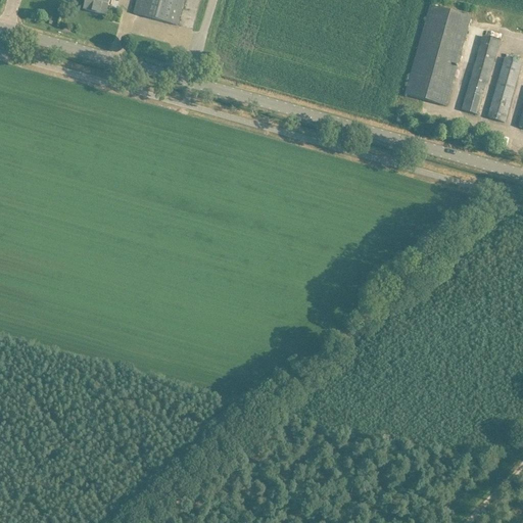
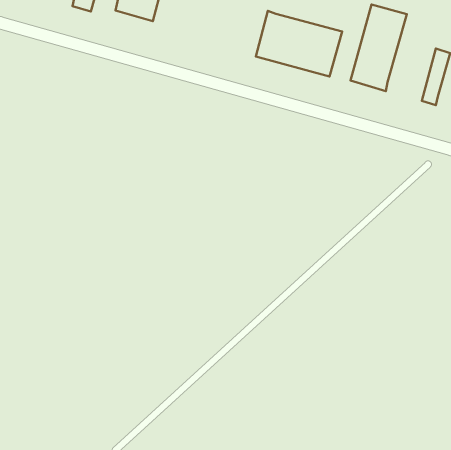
building: none -> [256,11,342,77]
building: [462,35,498,113] -> none

